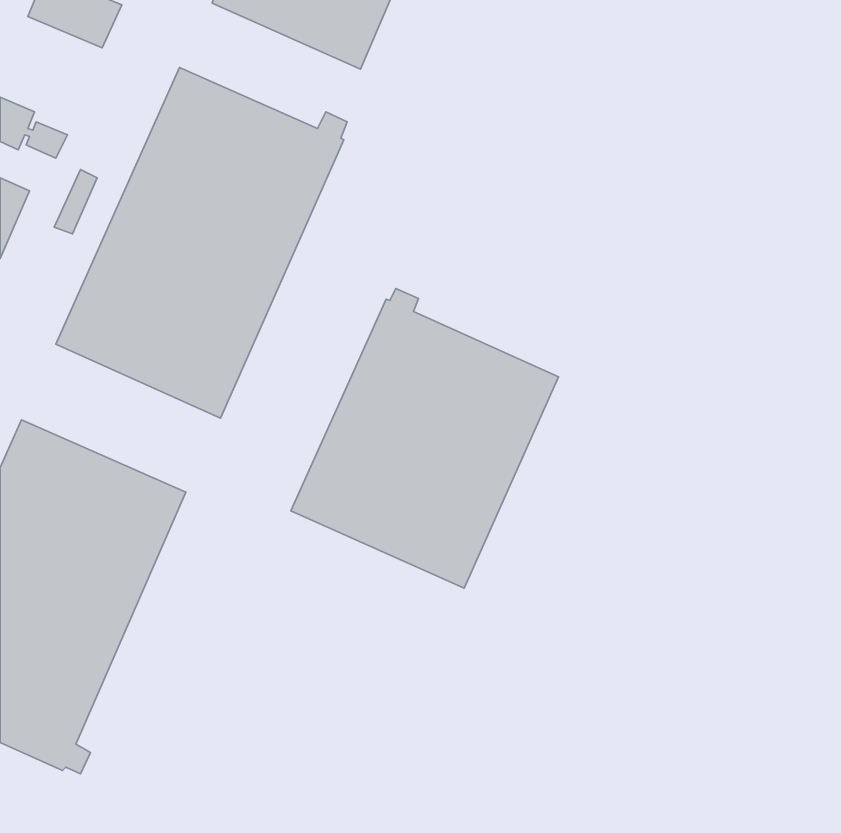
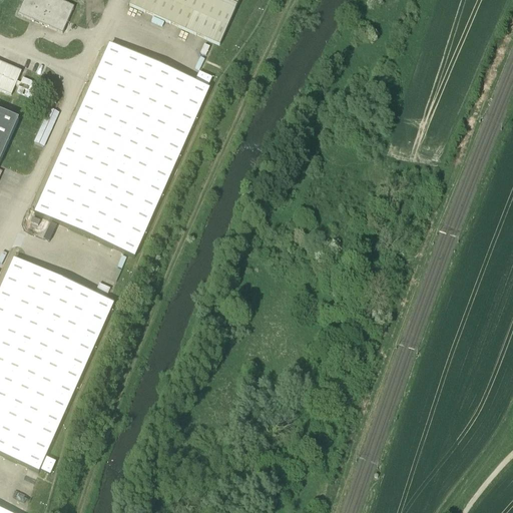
building: [291,289,559,588] -> none

